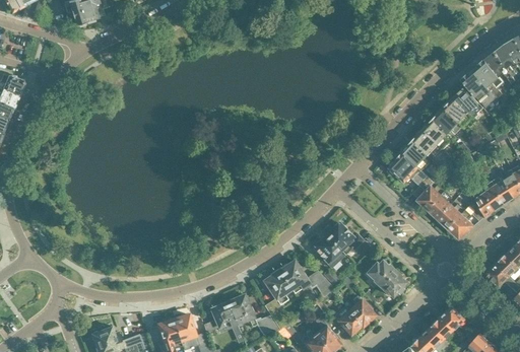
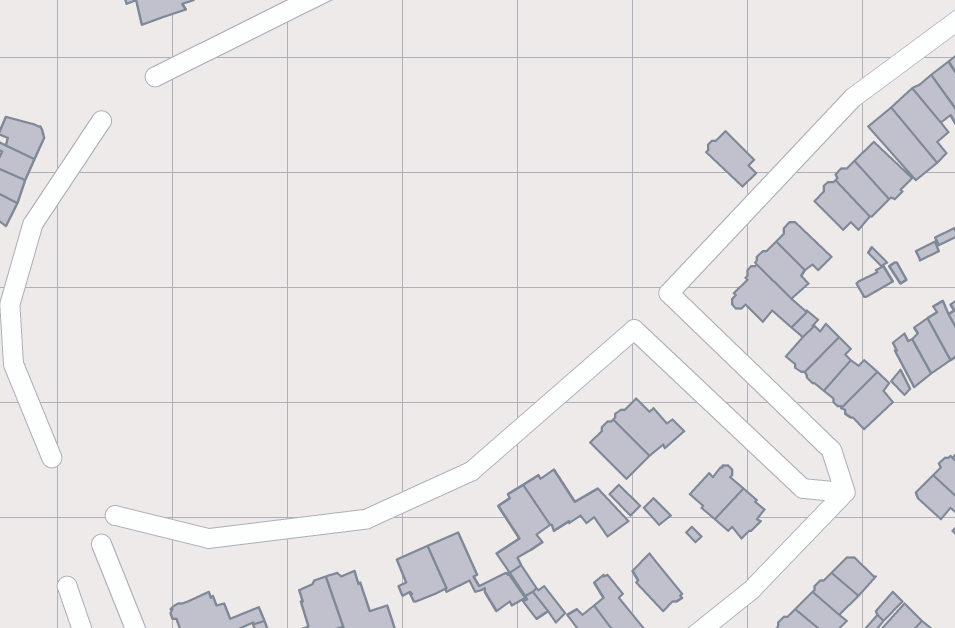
building: [422,119,449,148] -> [706,131,756,187]
building: [348,296,375,327] -> none

